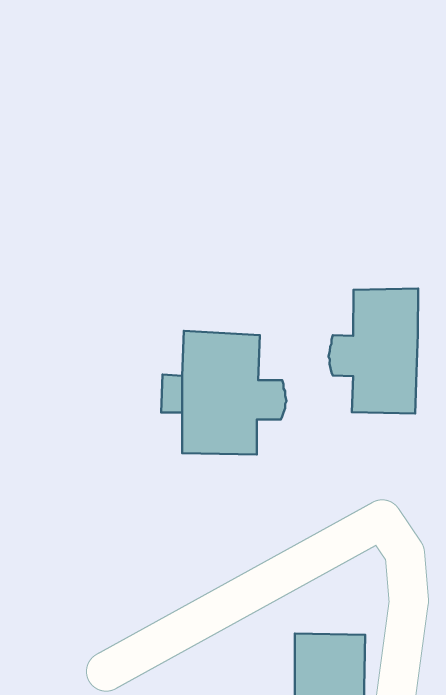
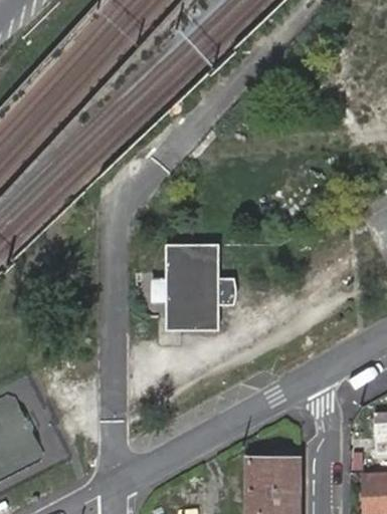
building: [329,288,418,413] -> none

